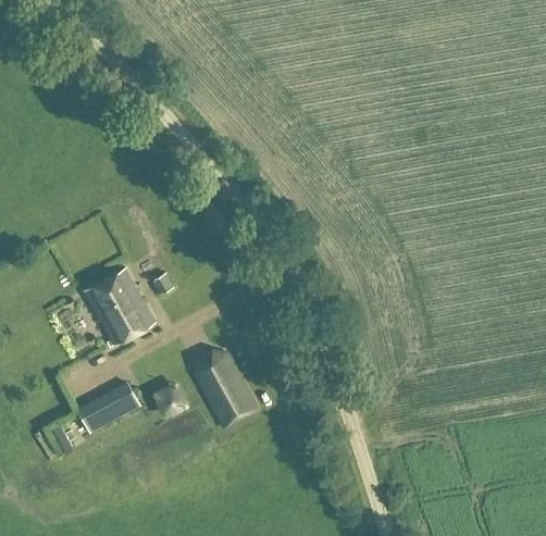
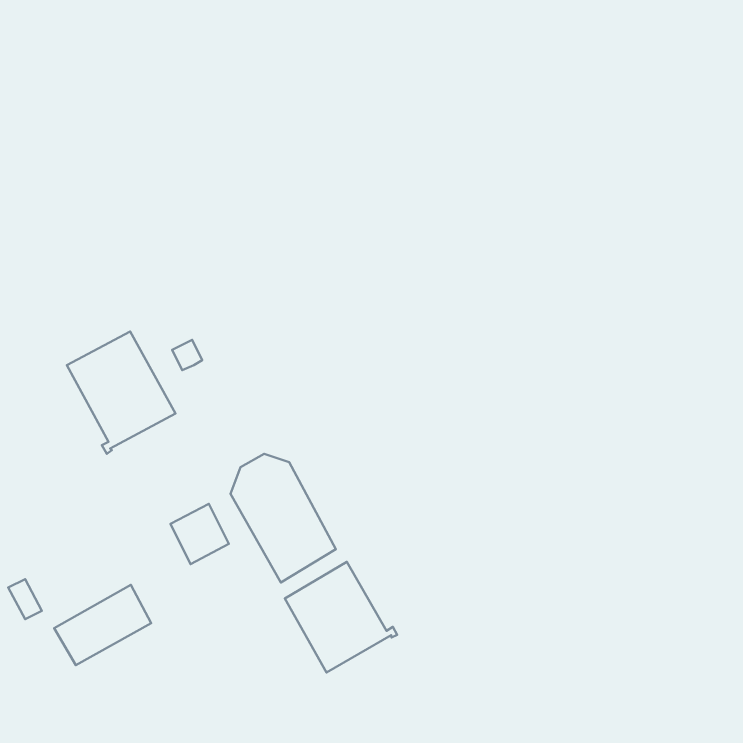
building: [77,381,140,433] -> [54,585,151,665]
building: none -> [285,562,397,673]

